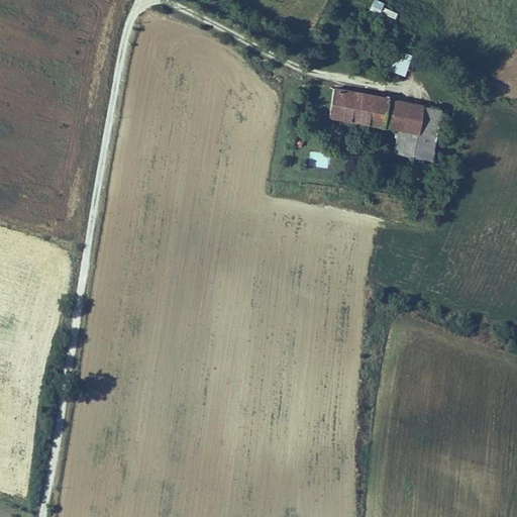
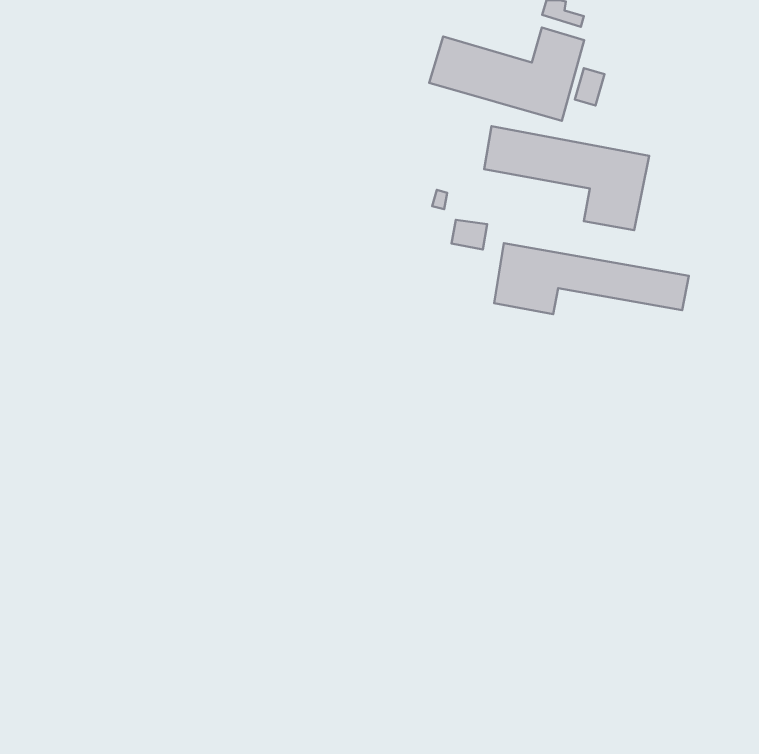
building: none -> [429,27,584,121]
building: none -> [494,243,689,314]

